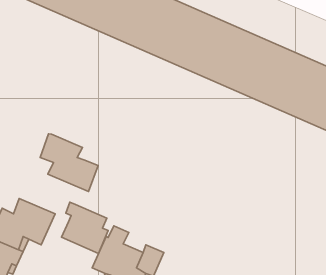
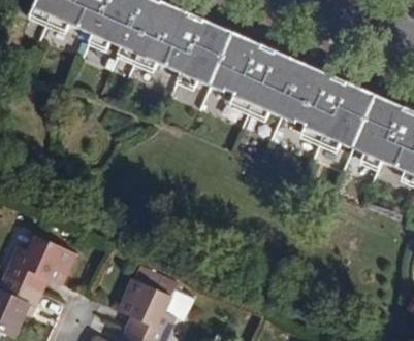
building: [40,134,98,191] -> none
building: [61,202,108,254] -> none

